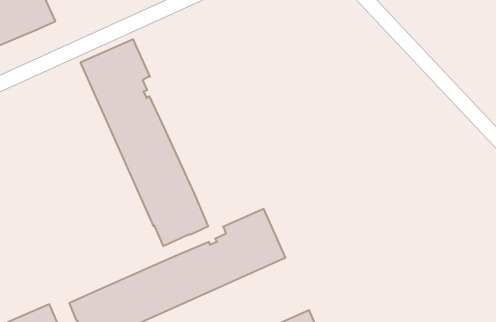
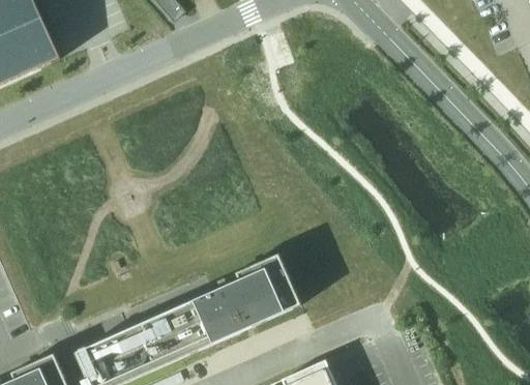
building: [81,39,208,246] -> none

